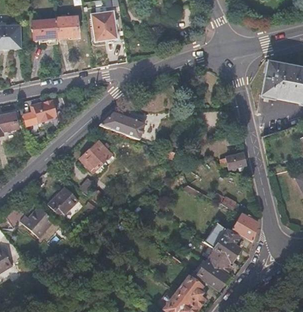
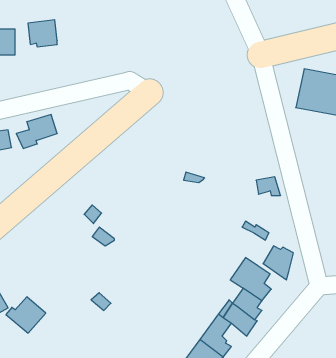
building: [90,9,118,40] -> none
building: [55,16,78,37] -> none
building: [100,112,145,139] -> none
building: [81,140,113,172] -> none
building: [49,186,81,218] -> none
building: [22,206,56,237] -> [6,297,46,333]

